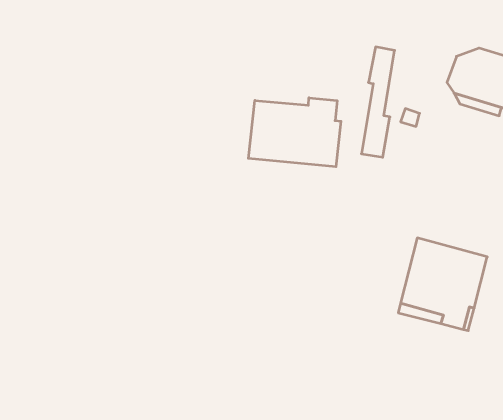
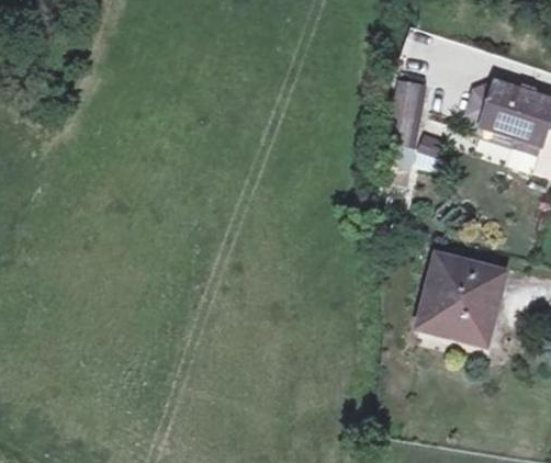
building: [248,98,341,167] -> none

